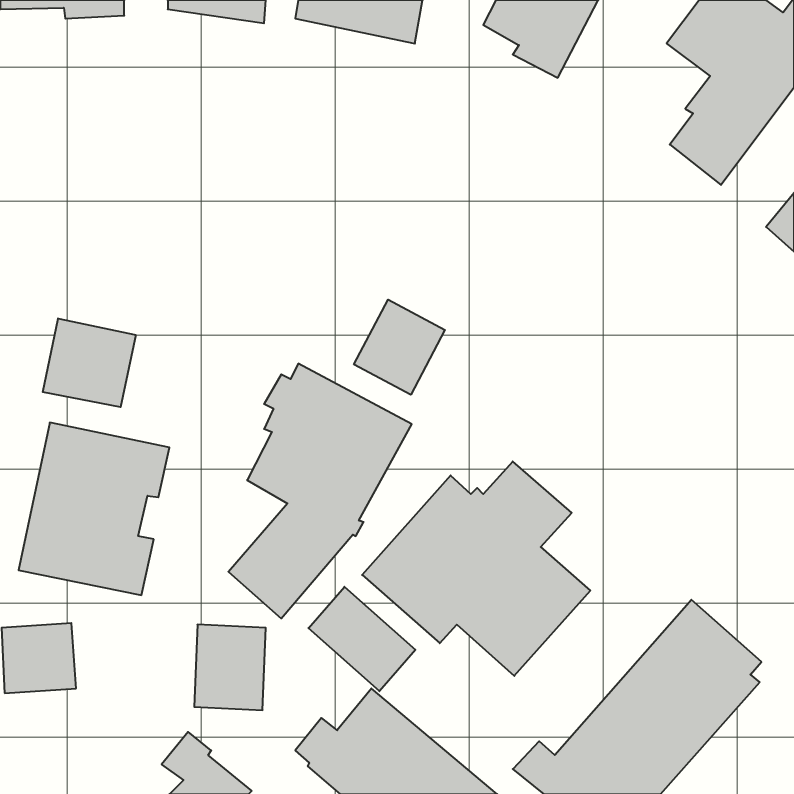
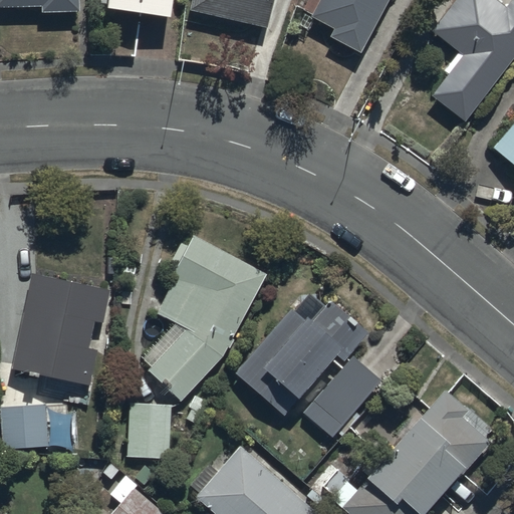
building: [354,300,445,395] -> none
building: [43,318,136,407] -> none
building: [308,587,415,691] -> none

